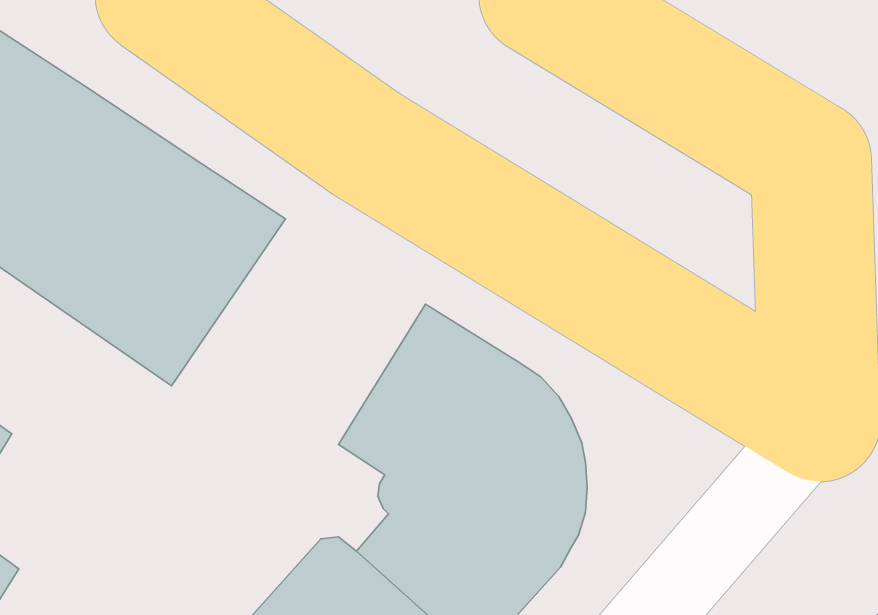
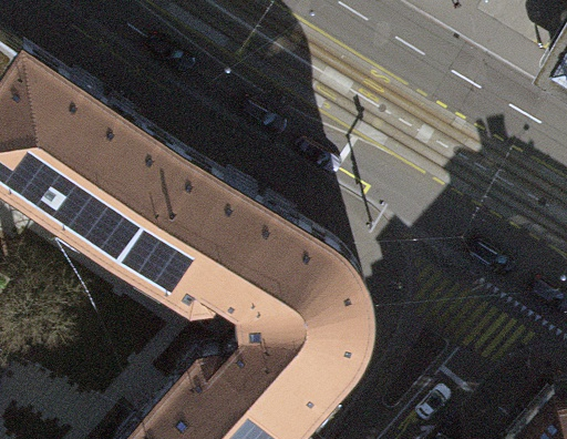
building: none -> [111,156,269,310]

